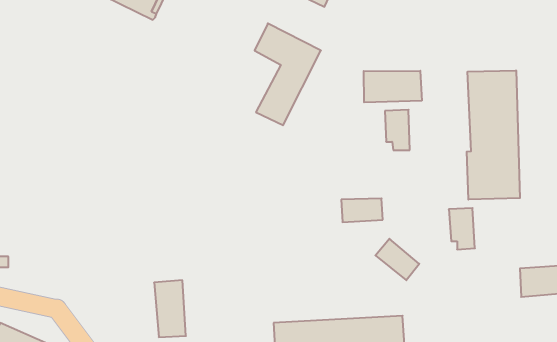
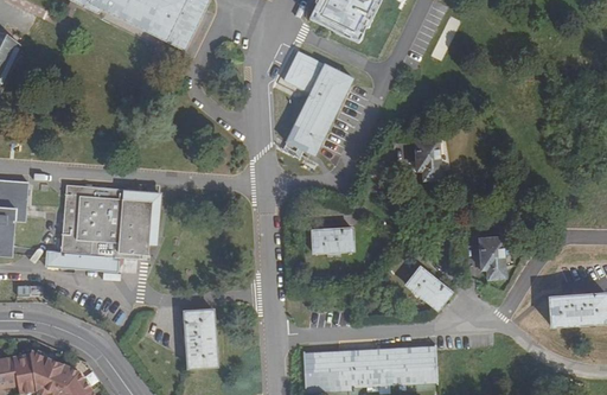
building: [467,70,520,200] -> none
building: [364,71,422,102] -> none
building: none -> [45,184,156,272]
building: [341,198,383,222] -> [312,228,353,251]

